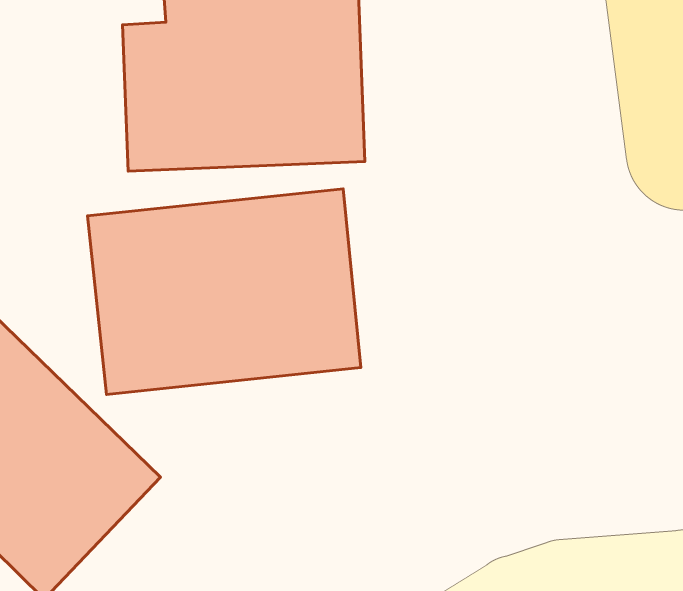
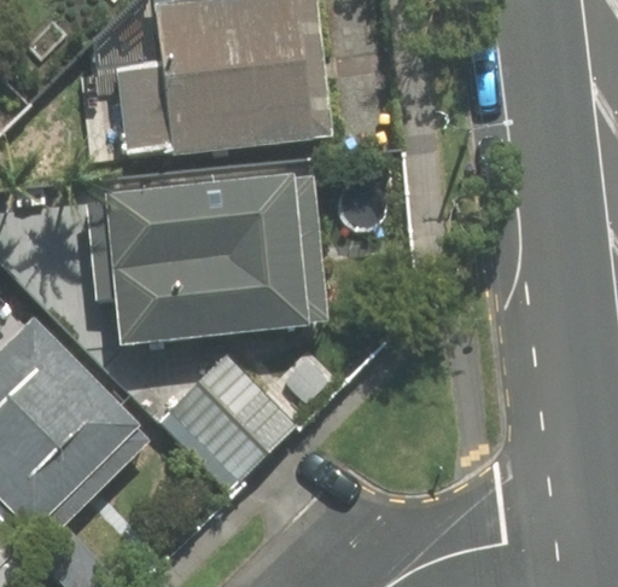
building: none -> [167,345,299,480]

